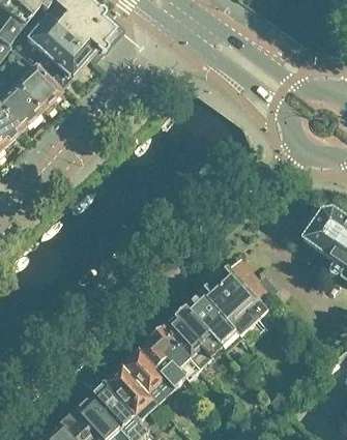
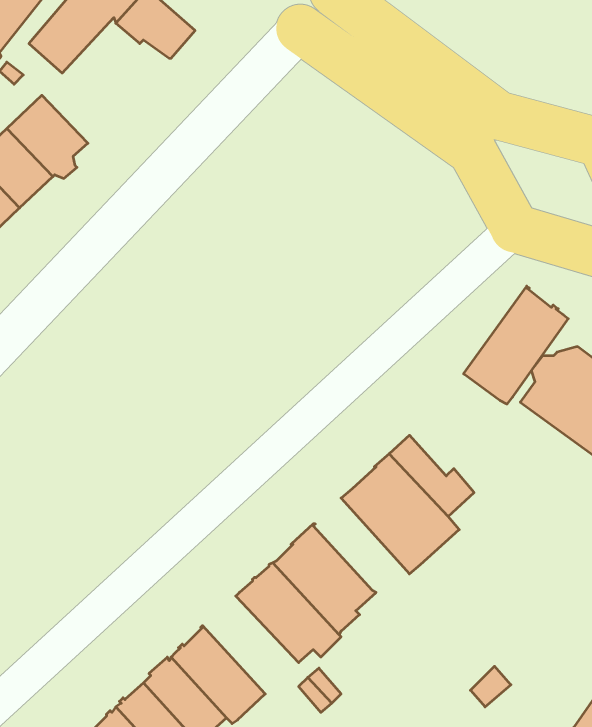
building: [45,23,105,78] -> none
building: none -> [464,286,568,404]
building: [185,292,242,352] -> none
building: [123,350,174,402] -> none

